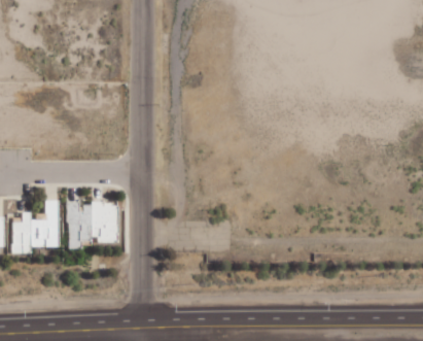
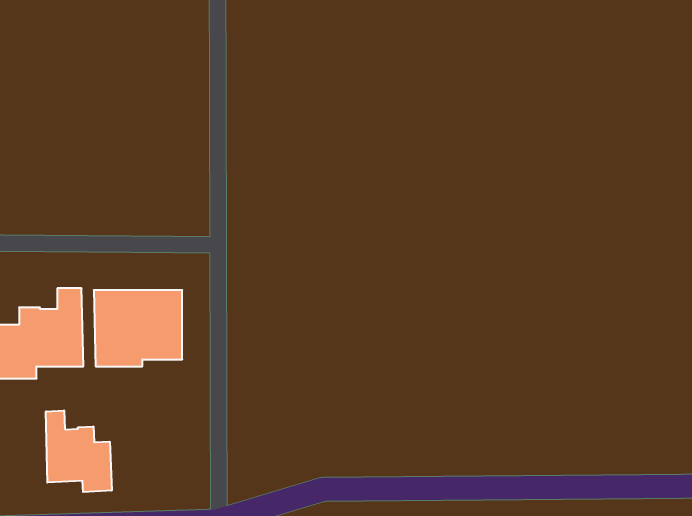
building: none -> [46,410,112,492]

